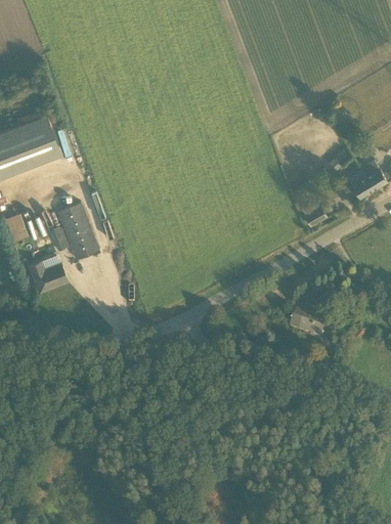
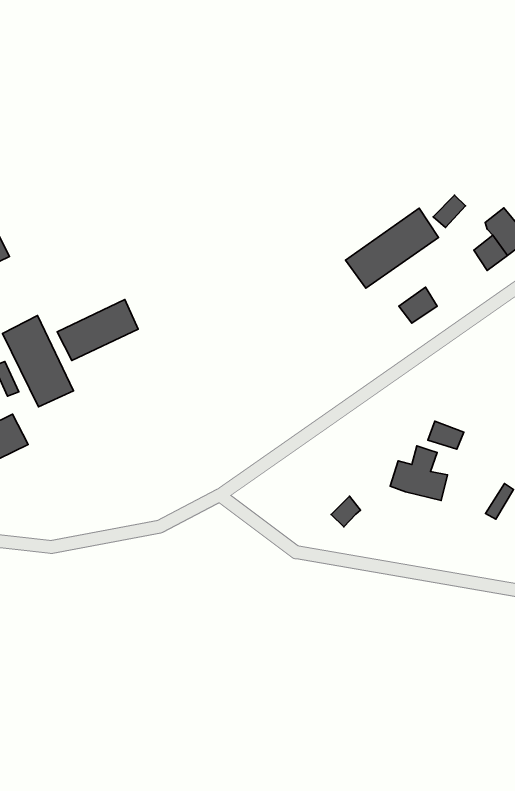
building: none -> [345,208,439,288]
building: none -> [57,299,138,361]

